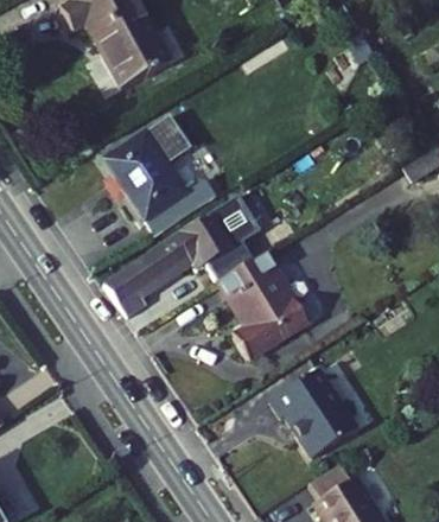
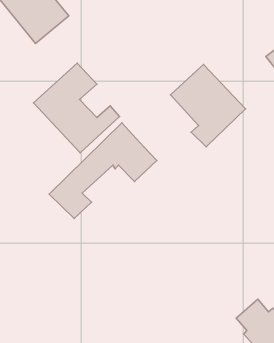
building: [210,192,255,242] -> none
building: [214,253,304,356] -> [171,65,245,147]
building: [269,364,358,456] -> none

